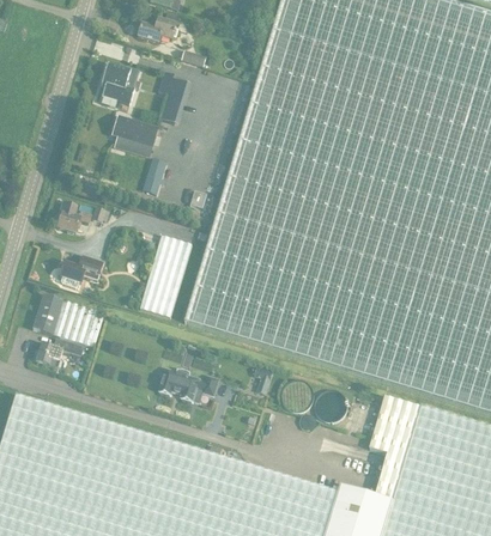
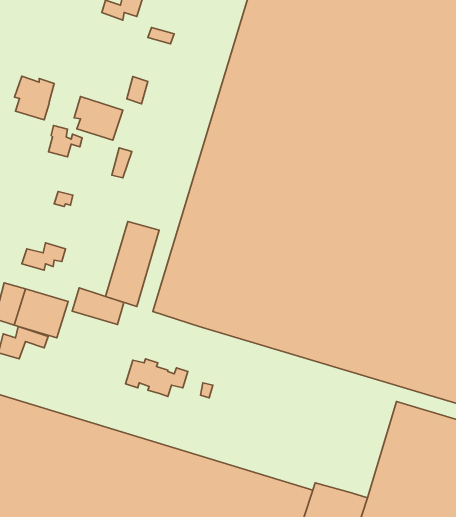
building: [102,62,140,104] -> [14,76,54,120]
building: [59,202,91,232] -> [49,125,82,157]
building: none -> [72,288,124,324]
building: [371,397,420,500] -> none

